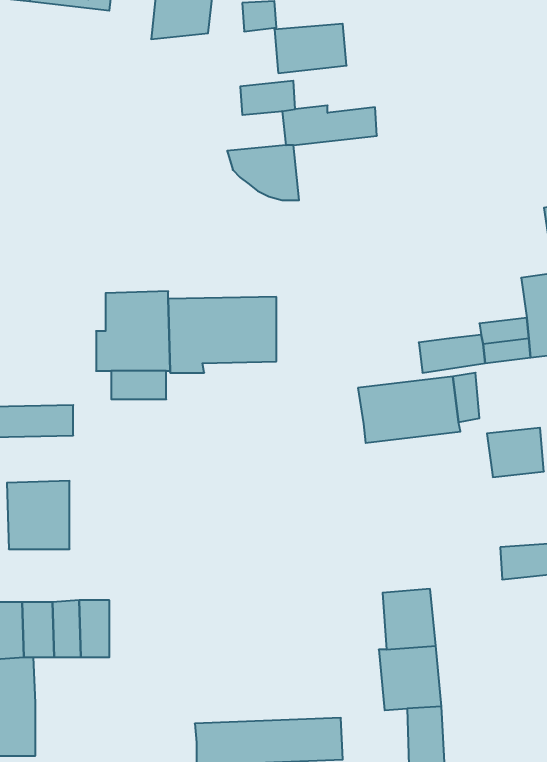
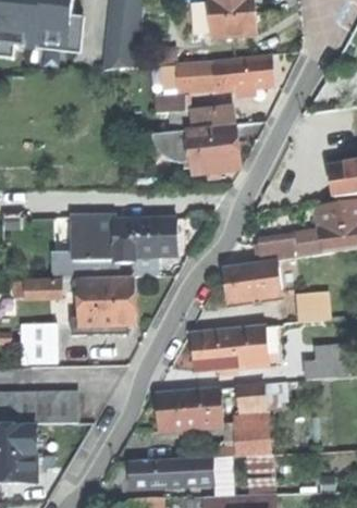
building: none -> [213,55,272,90]
building: none -> [185,125,237,173]
building: none -> [76,280,133,325]
building: none -> [189,326,273,371]
building: none -> [156,387,222,431]

